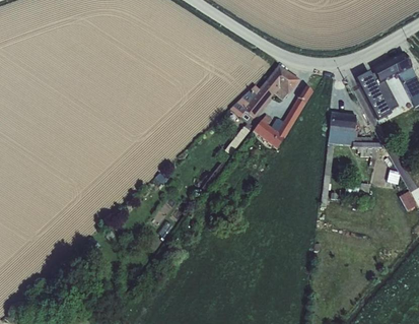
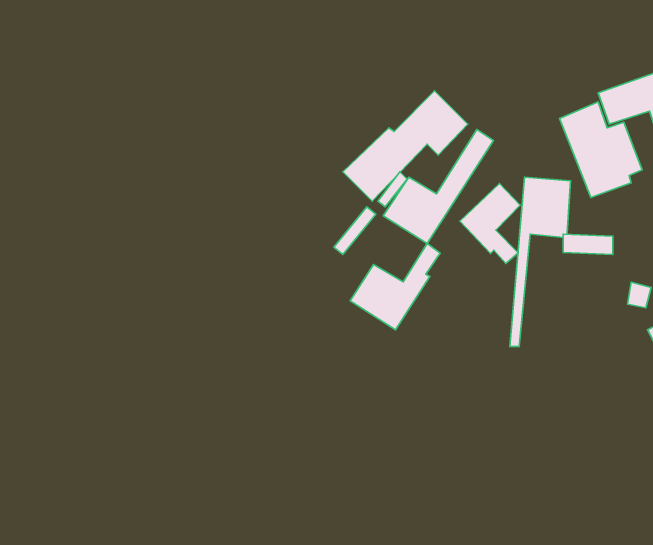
building: none -> [460,183,520,264]
building: none -> [350,243,440,330]

